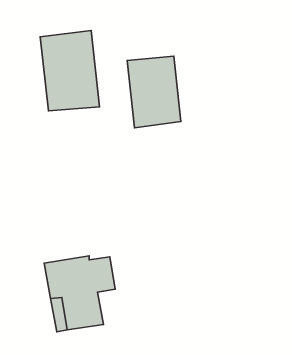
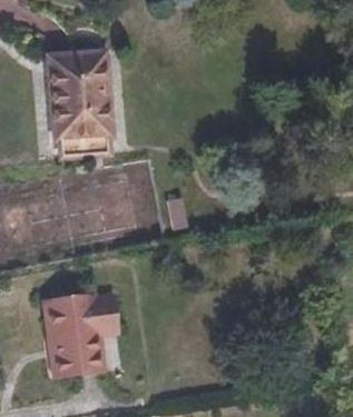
building: [127,56,181,128] -> none

